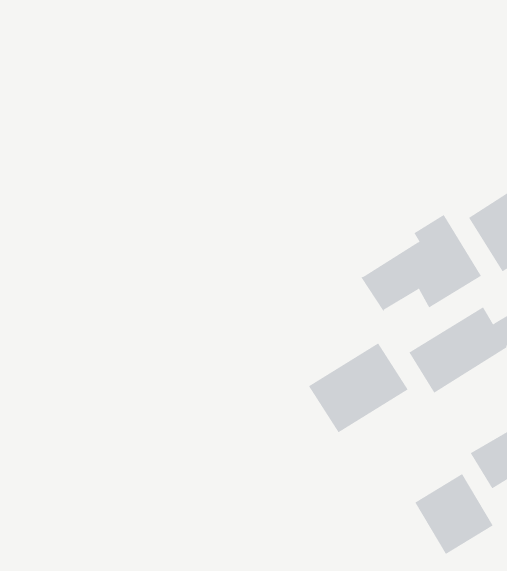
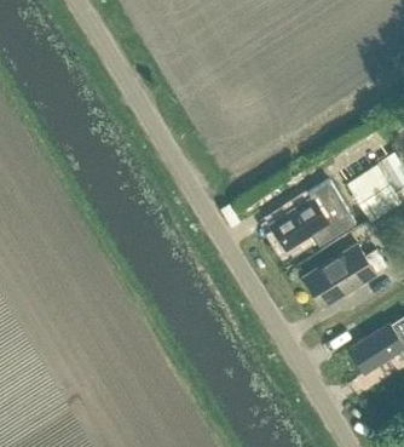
building: [308,342,408,433] -> none
building: [414,473,493,555] -> none

